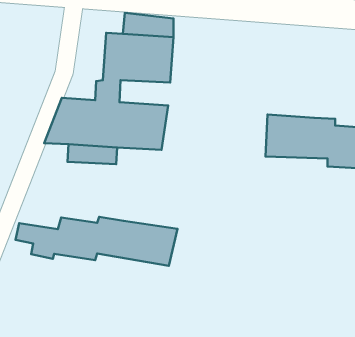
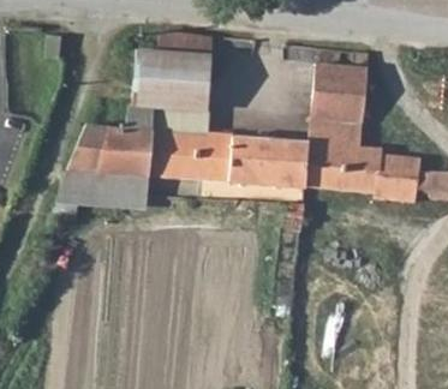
building: none -> [151,52,369,188]
building: [16,217,177,266] -> none

